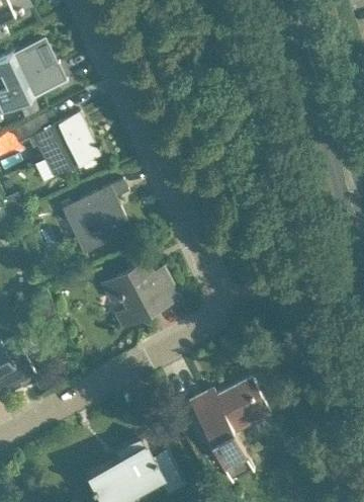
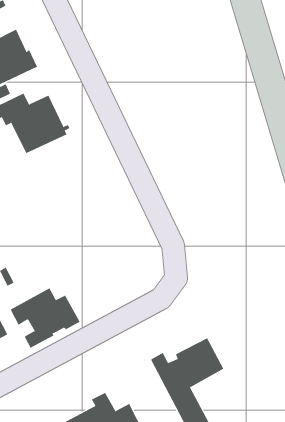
building: [63,180,130,253] -> none
building: [102,260,179,327] -> [10,287,80,349]

